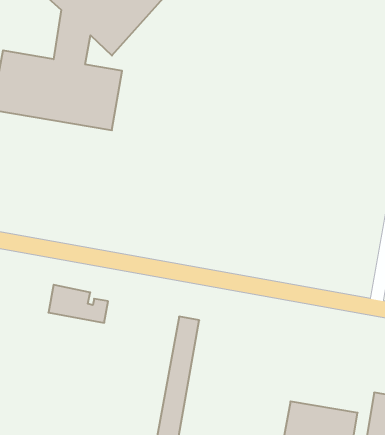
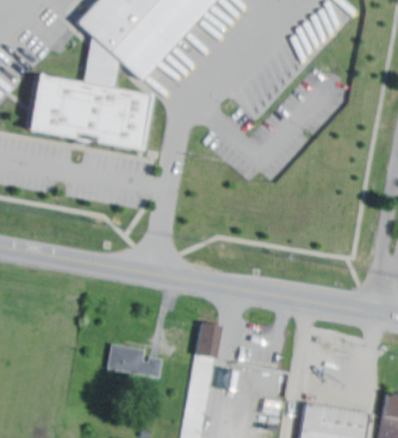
building: [48,285,108,323] -> [107,343,163,378]

